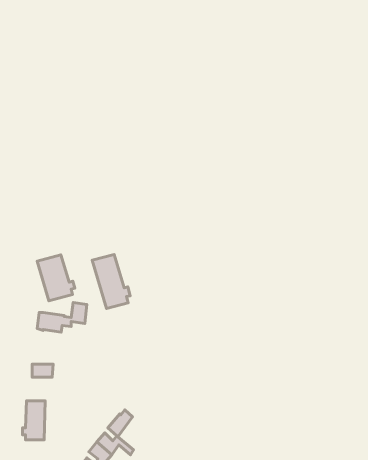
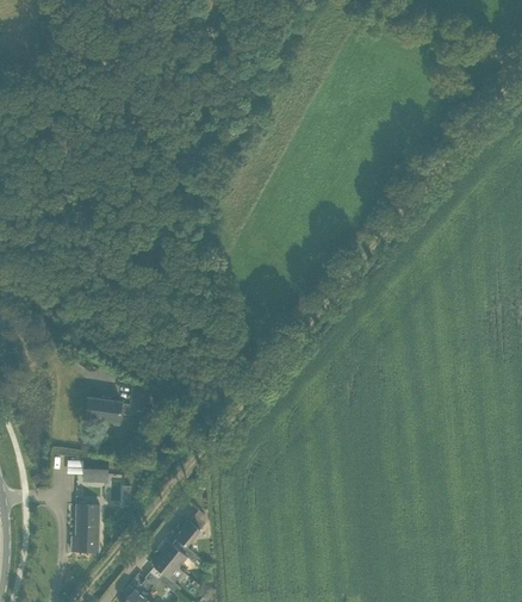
building: [92,255,130,309] -> none
building: [37,255,75,301] -> none

